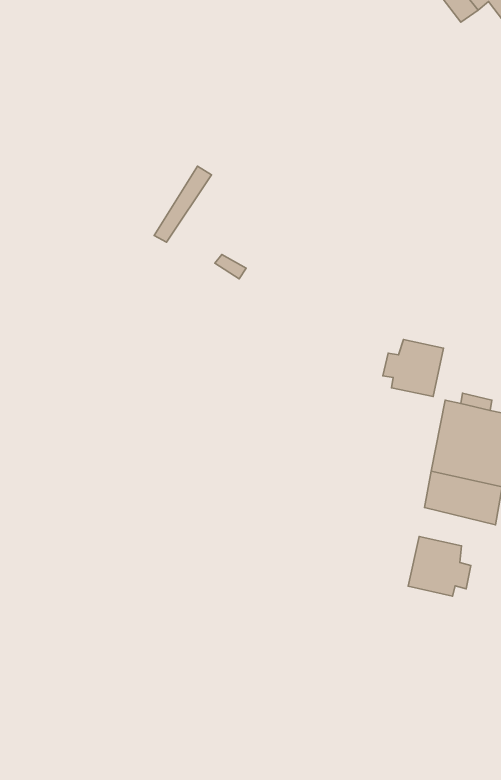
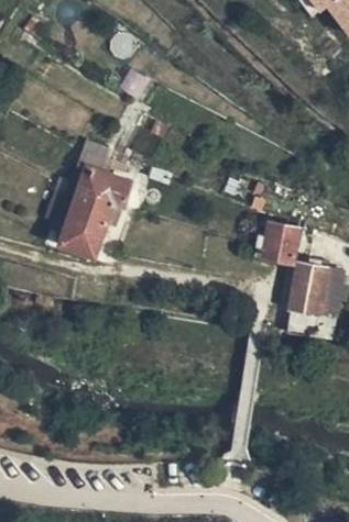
building: none -> [63,165,129,241]
building: [408,537,471,596] -> none

